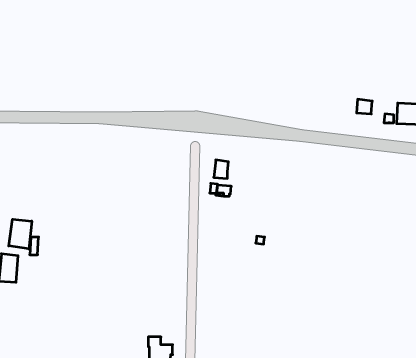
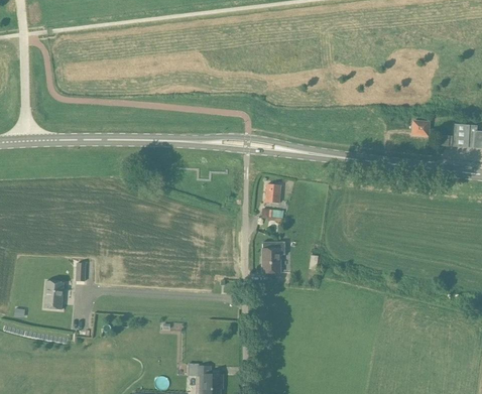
building: none -> [262,242,285,273]
building: [9,219,32,249] -> none

